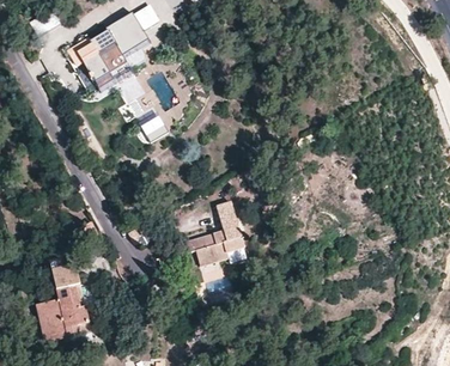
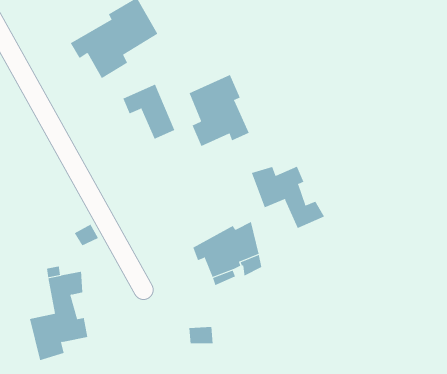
building: none -> [189,74,250,147]
building: none -> [251,166,325,229]

